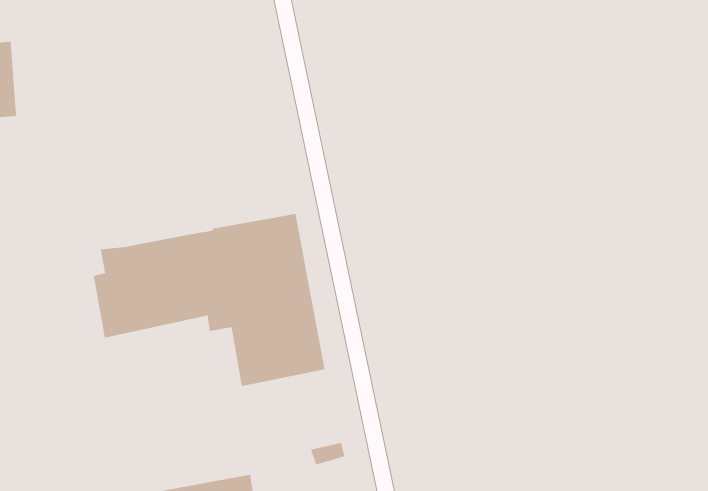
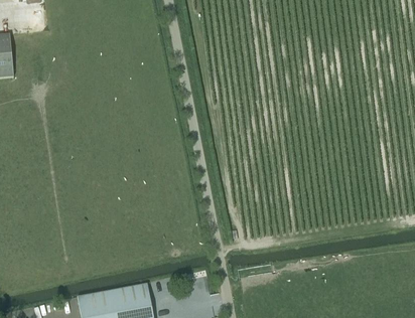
building: [93,213,325,387] -> none

